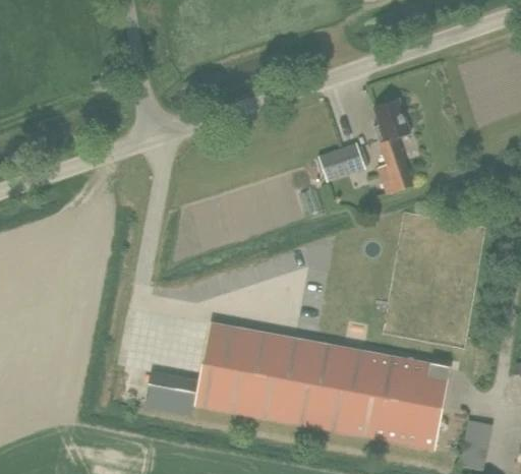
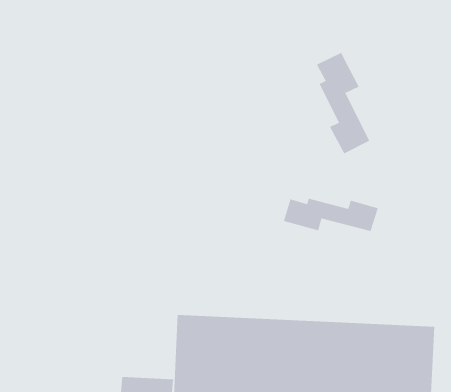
building: [320,144,366,179] -> none
building: none -> [283,198,378,232]

